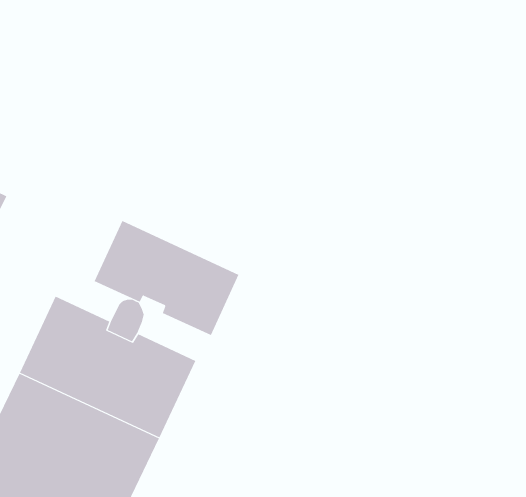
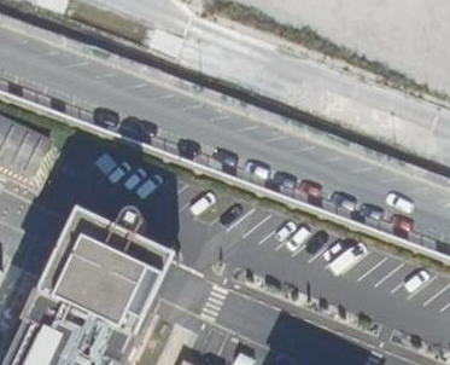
building: [94,220,239,336] -> none

